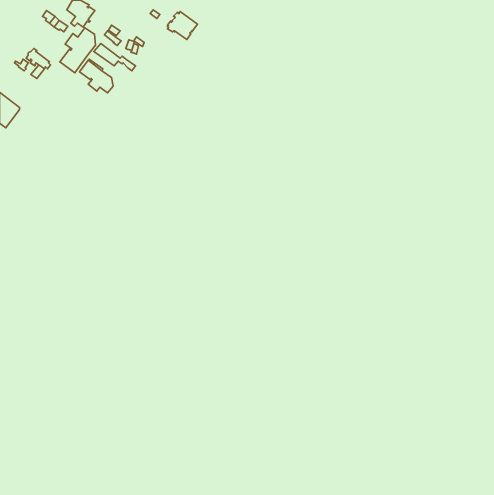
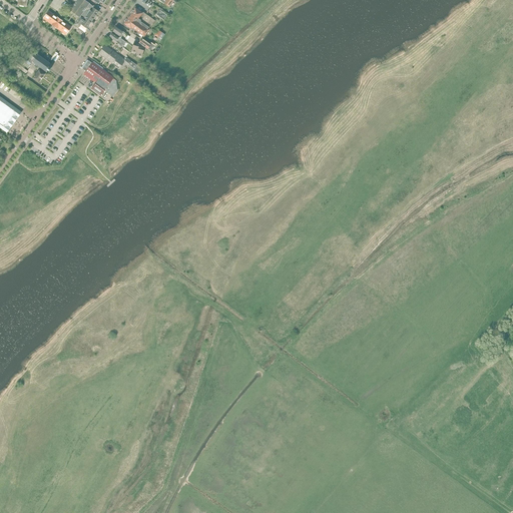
building: [168,11,198,40] -> [123,7,154,36]
building: [60,28,96,73] -> none

